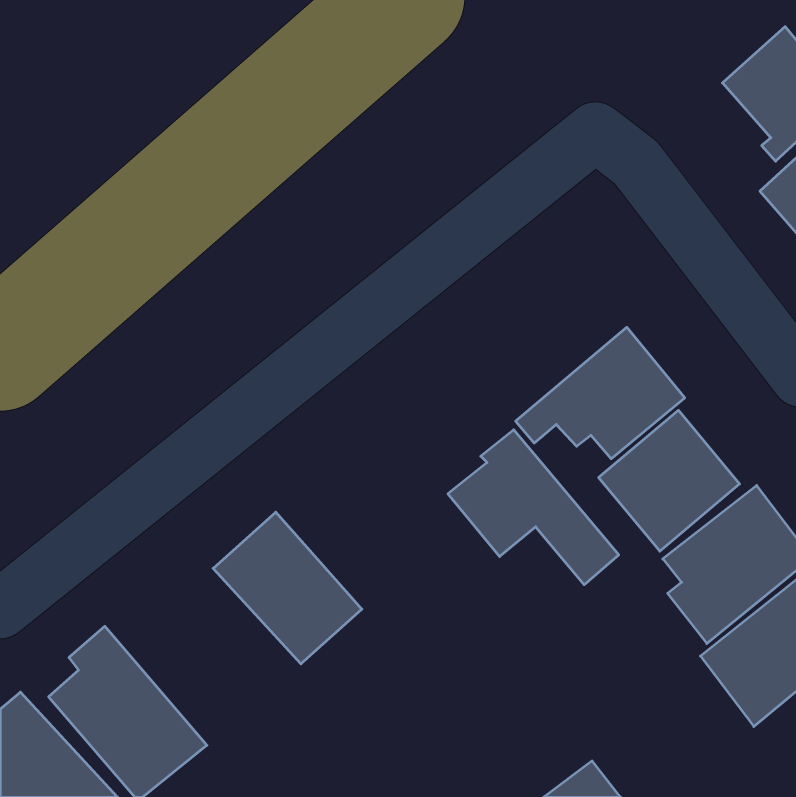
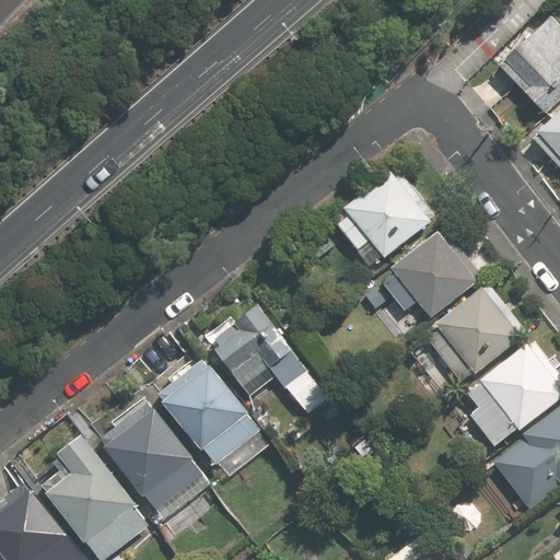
building: none -> [334,167,436,268]
building: [448,430,619,585] -> [212,306,331,415]
building: none -> [97,401,212,520]

